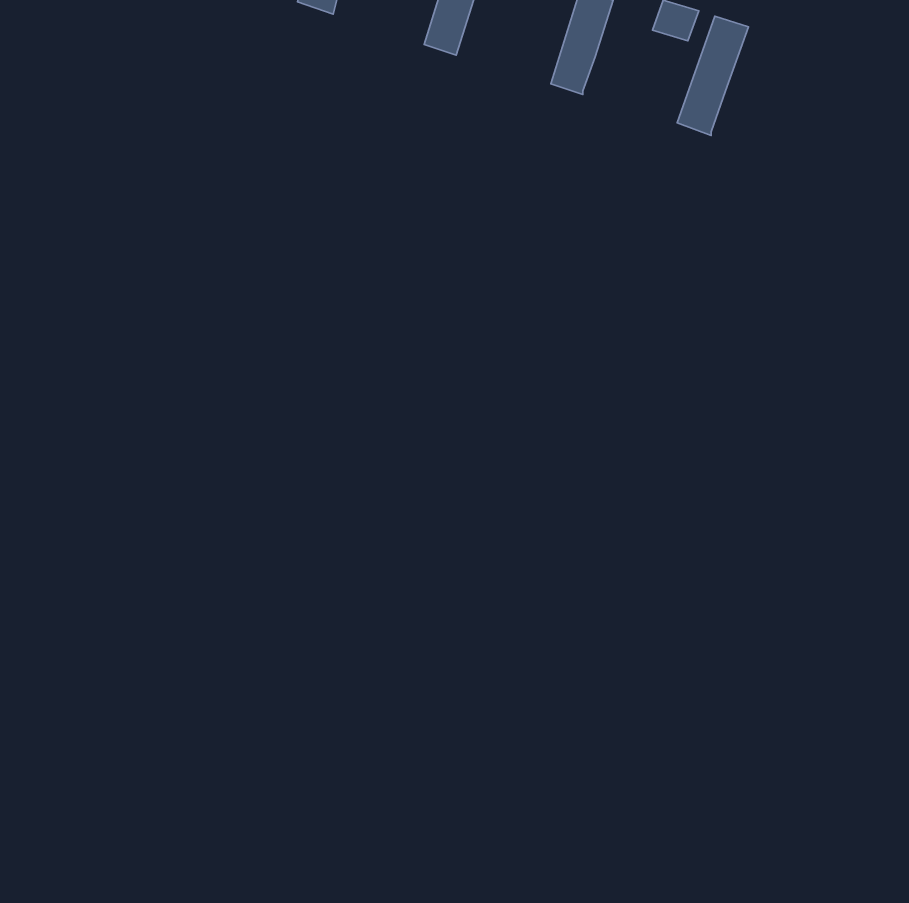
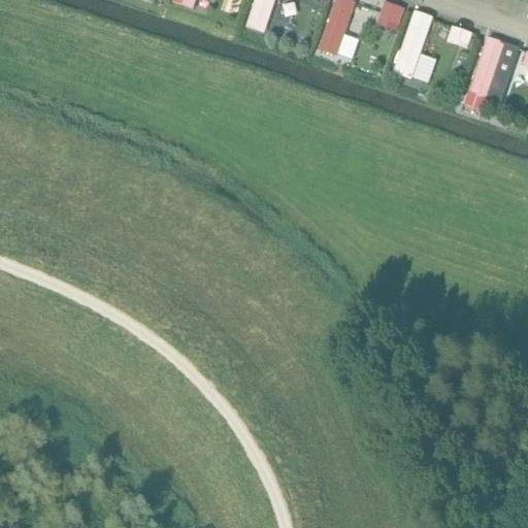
building: none -> [465,35,520,111]

